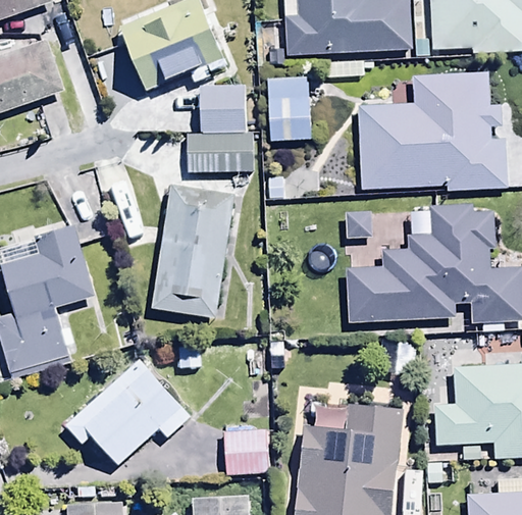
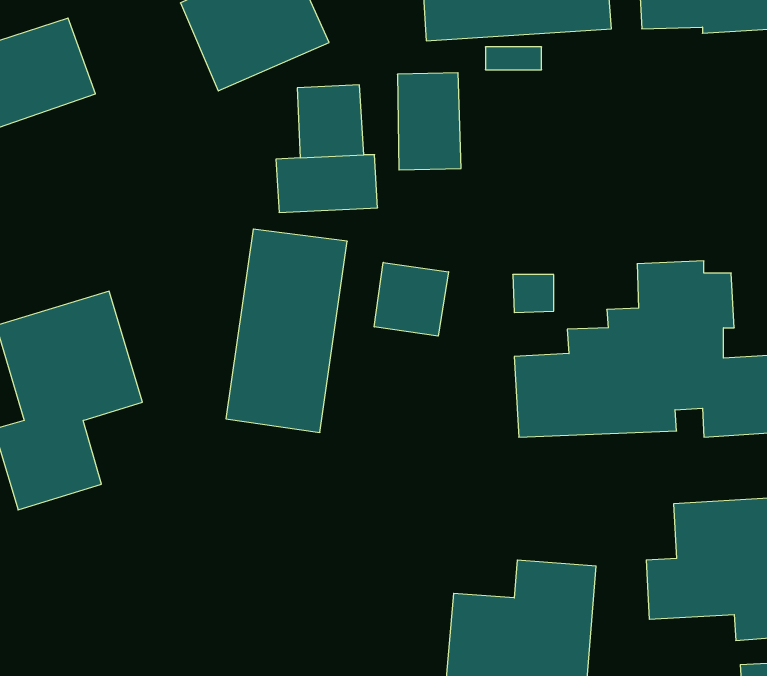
building: [358,70,508,193] -> none
building: none -> [374,262,449,336]
building: [67,358,192,462] -> none
building: [223,427,271,475] -> none

